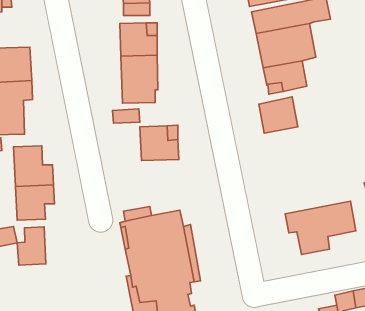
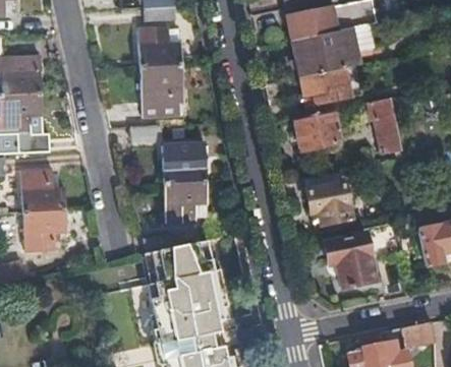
building: none -> [369,99,401,155]
building: none -> [303,172,352,227]
building: none -> [164,181,207,221]
building: [17,227,46,265] -> none

